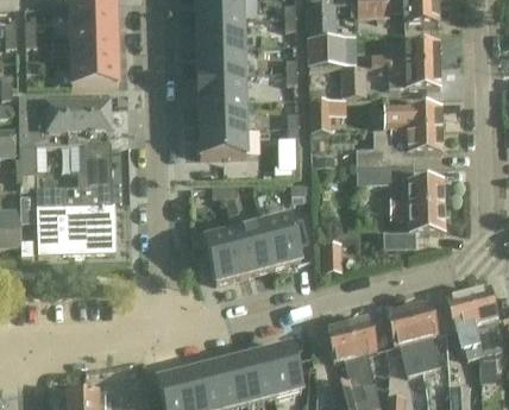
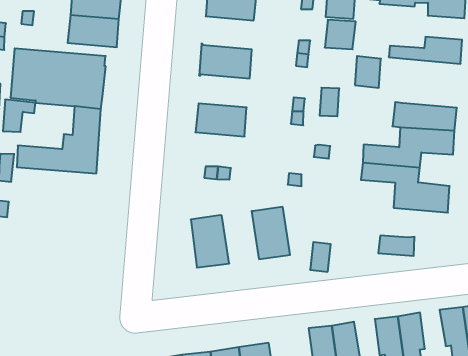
building: [197,44,244,72] -> none
building: [389,63,440,86] -> none
building: [199,99,245,127] -> none
building: [37,203,115,253] -> none
building: [392,203,445,231] -> none
building: [230,210,272,273] -> none

